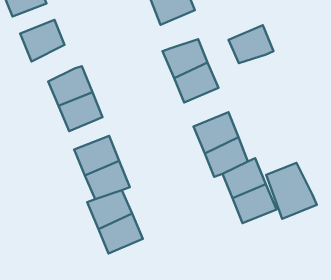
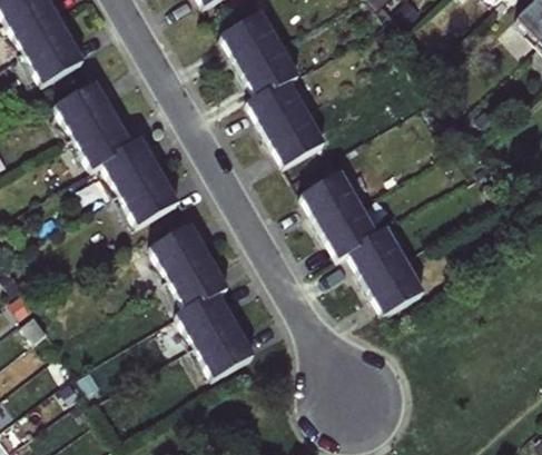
building: [229,25,274,63] -> [237,41,298,96]
building: none -> [75,111,132,168]
building: [266,163,317,219] -> none

